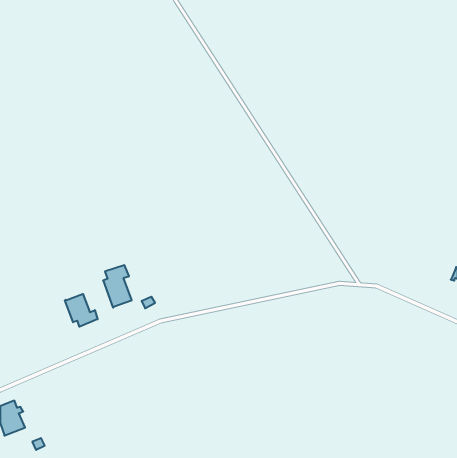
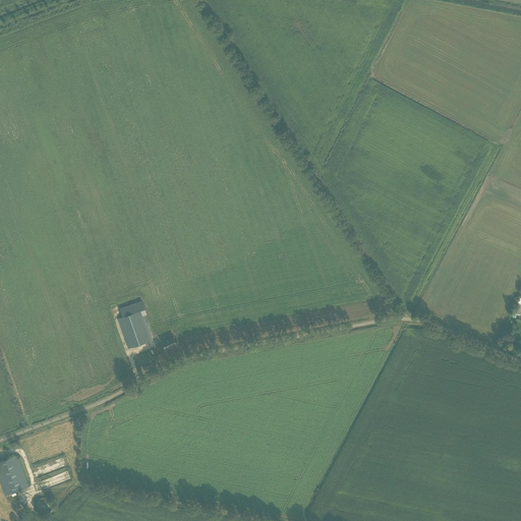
building: [65,294,98,327] -> none

